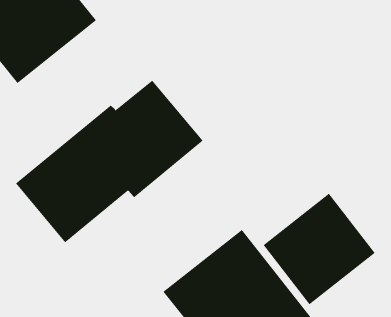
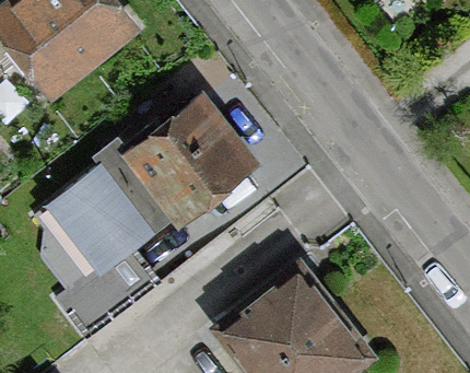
building: [263,193,375,305] -> none

